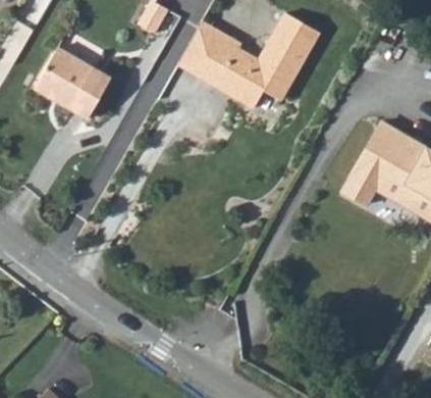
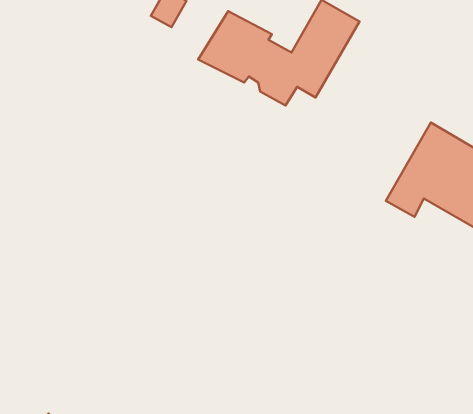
building: [36,49,111,118] -> none

